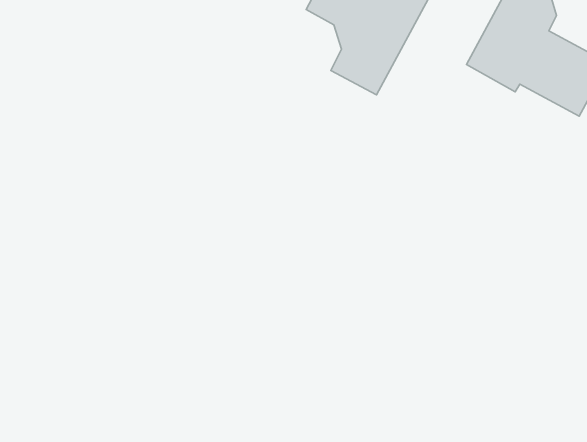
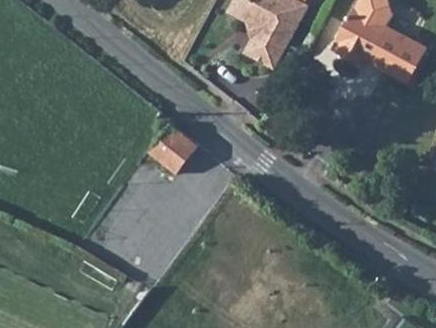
building: none -> [148,124,197,174]

